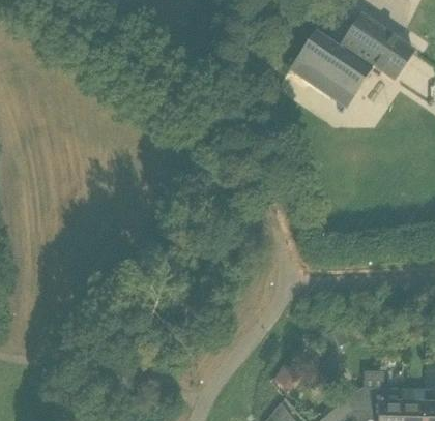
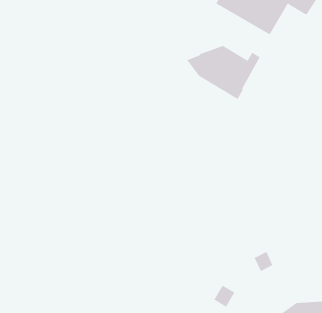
building: none -> [187,45,260,100]

